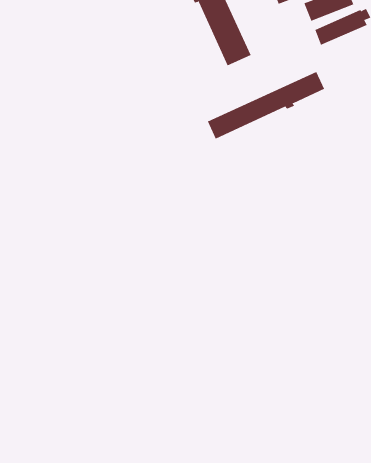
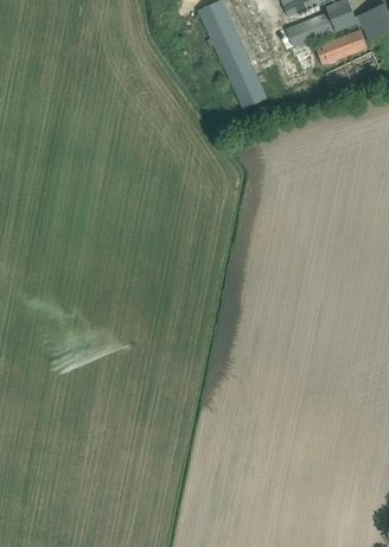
building: [207,71,325,139] -> none

